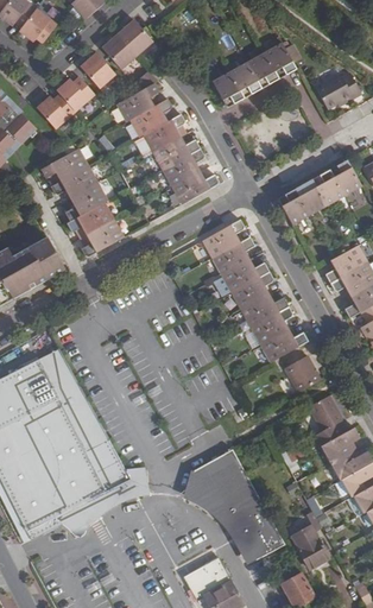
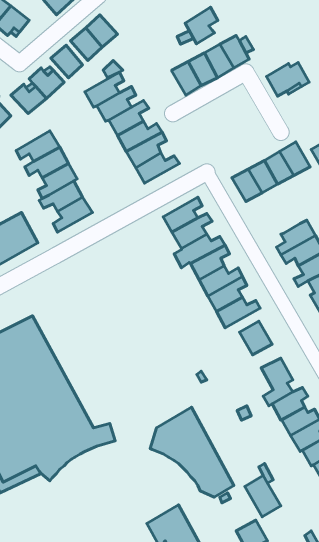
building: none -> [185,7,218,44]

